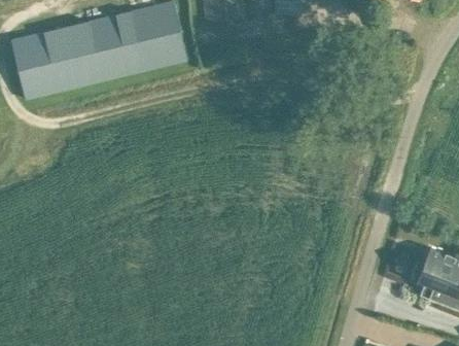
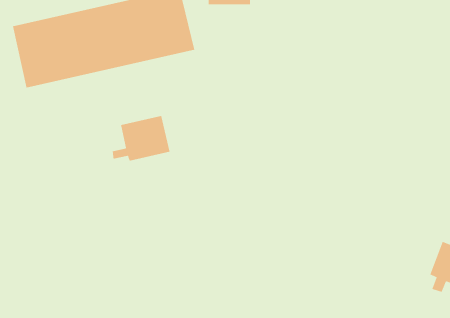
building: none -> [112,115,170,162]

